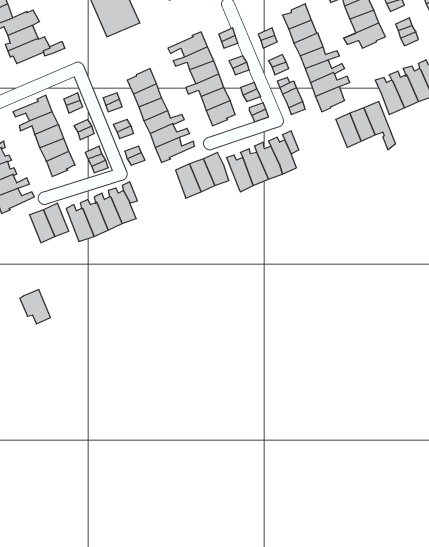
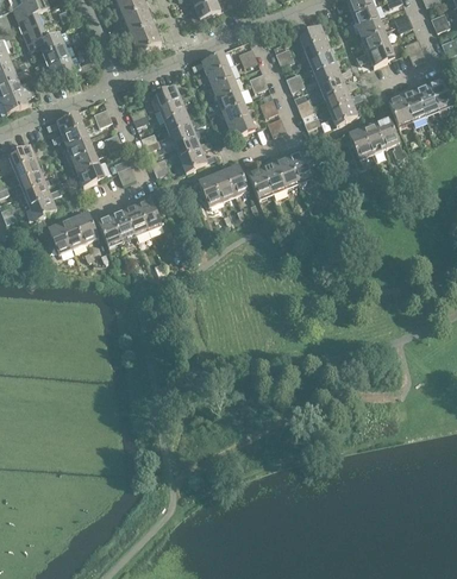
building: [20,290,50,324] -> [43,221,71,253]

